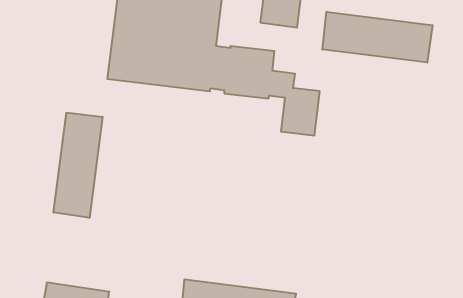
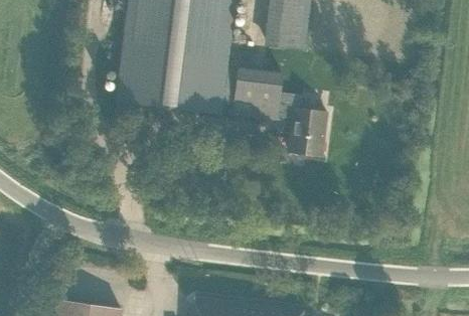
building: [322,12,432,63] -> none
building: [54,113,102,218] -> none

